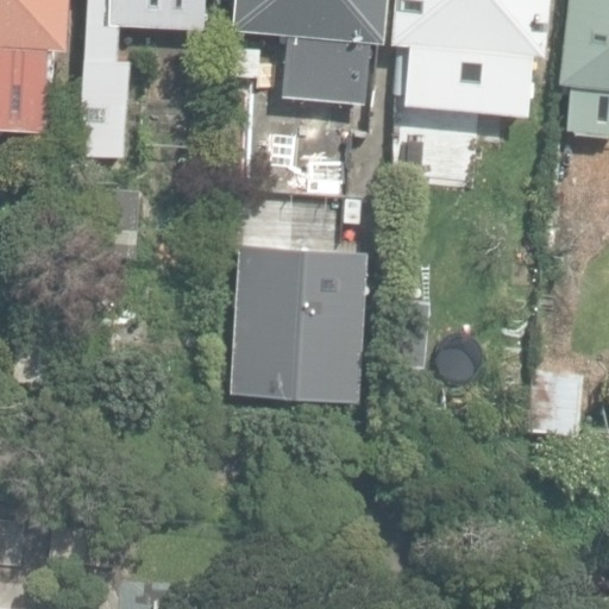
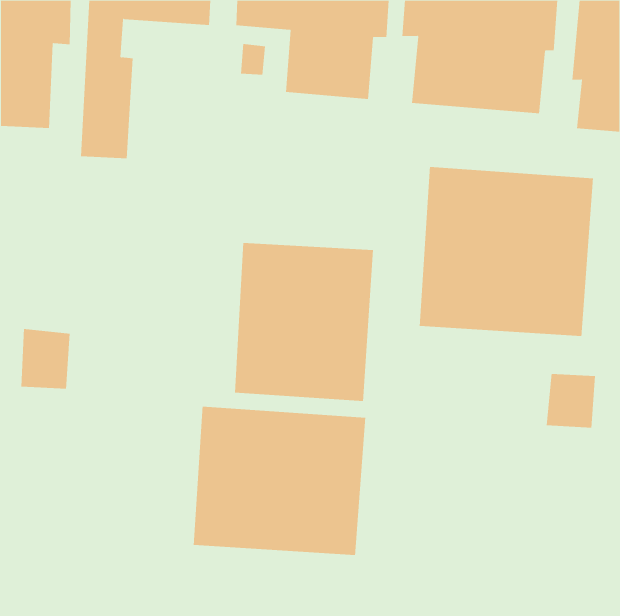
building: none -> [419,166,594,337]
building: none -> [193,406,366,556]

